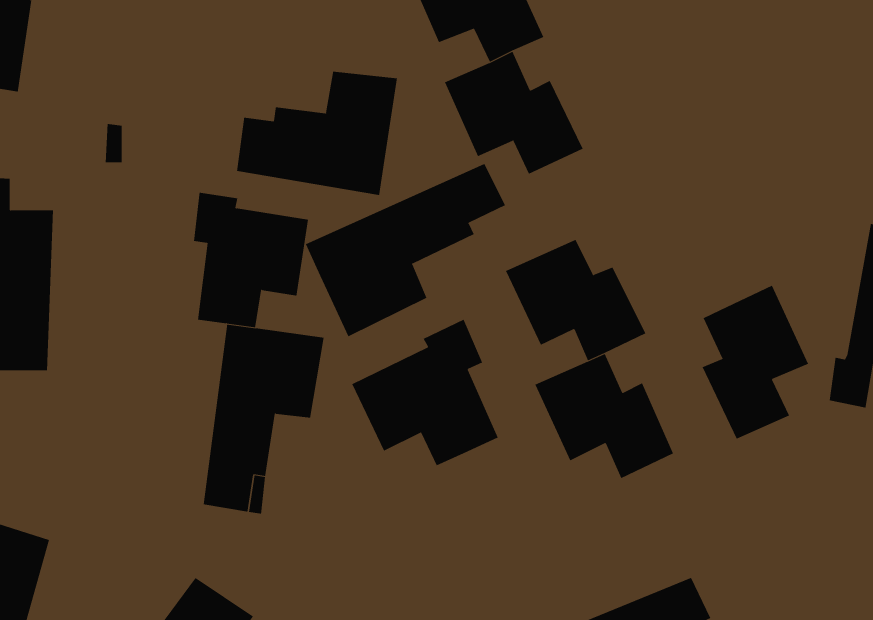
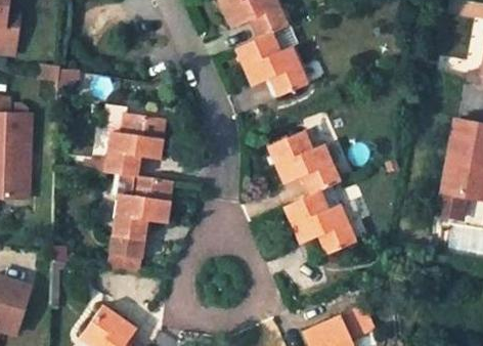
building: [237,71,397,196] -> none
building: [305,163,506,337] -> none
building: [702,285,809,439] -> none
building: [352,319,499,466] -> none

